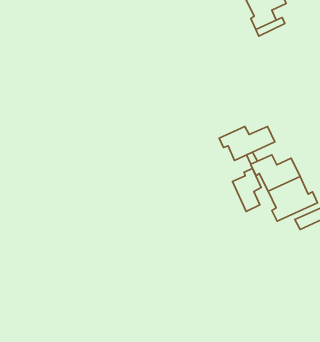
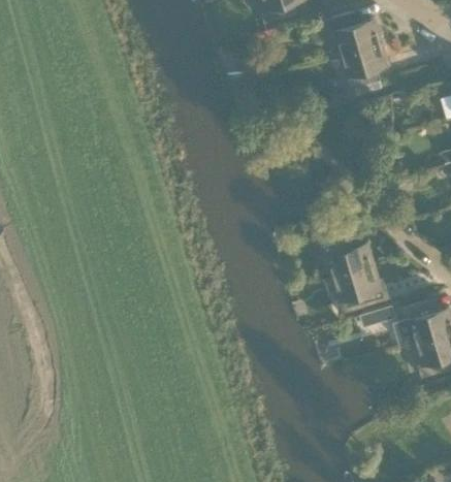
building: [219,126,275,160] -> none
building: [232,169,261,211] -> none

